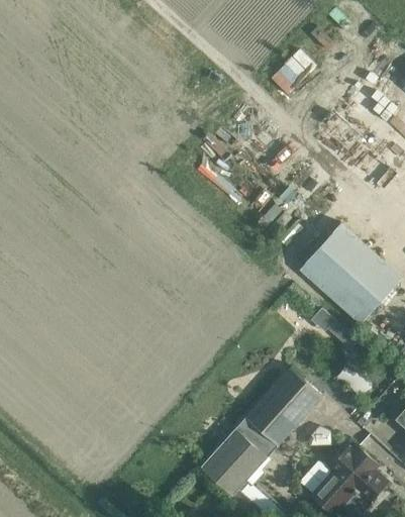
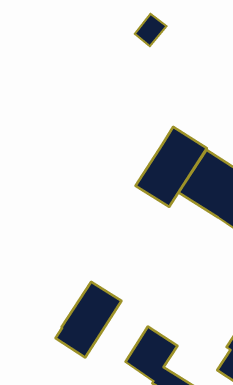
building: none -> [135,127,207,207]
building: [235,367,323,457] -> [56,282,122,357]

